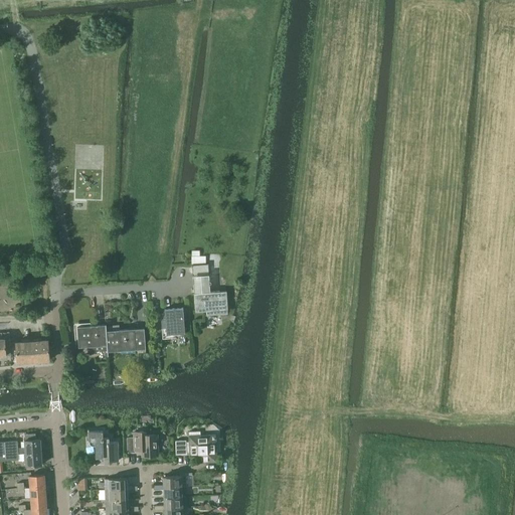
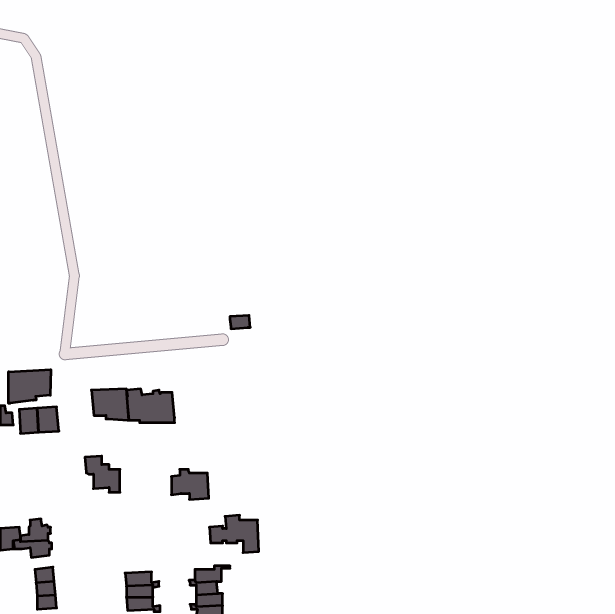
building: [194,292,227,313] -> none
building: [161,309,184,336] -> none
building: none -> [9,370,51,403]
building: [89,432,118,462] -> [85,456,120,492]
building: [127,433,158,458] -> [171,469,209,499]

